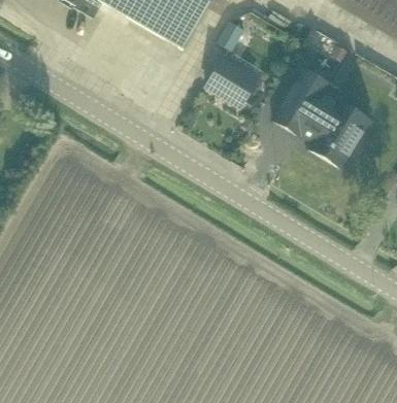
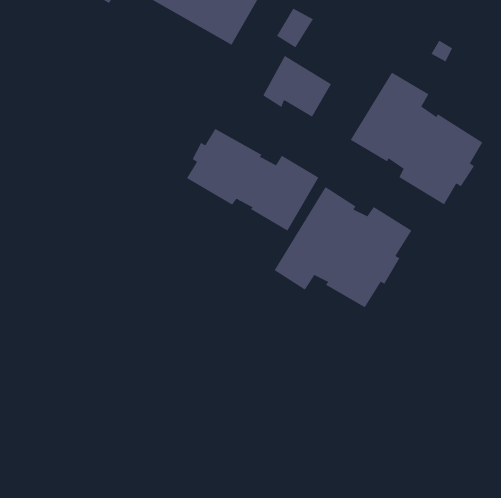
building: none -> [186,128,319,232]
building: none -> [274,186,412,308]

